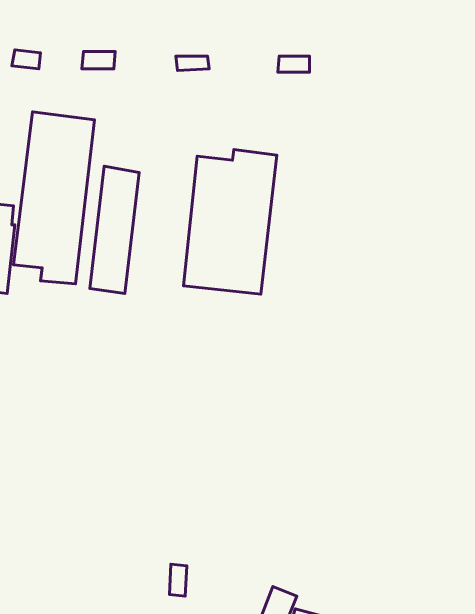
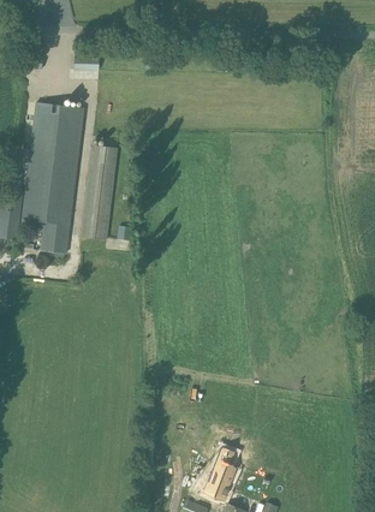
building: [184,149,277,294] -> none
building: none -> [42,230,70,252]

